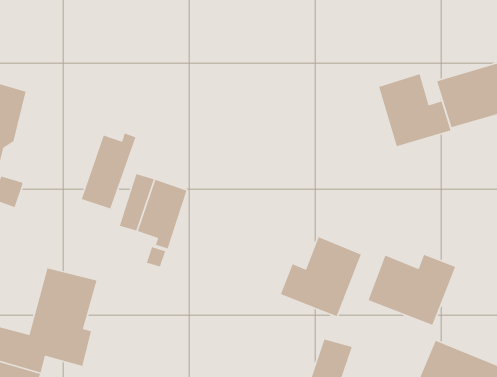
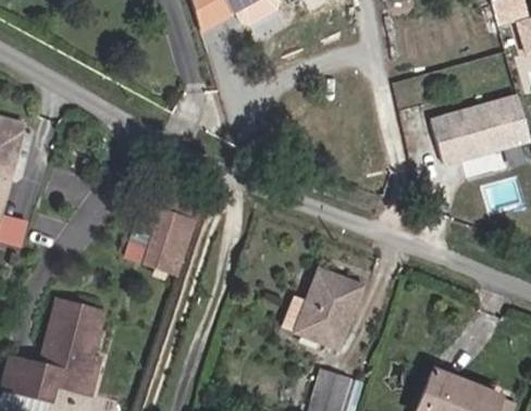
building: [378,73,451,147] -> none
building: [81,133,137,210] -> none
building: [368,254,456,326] -> none

